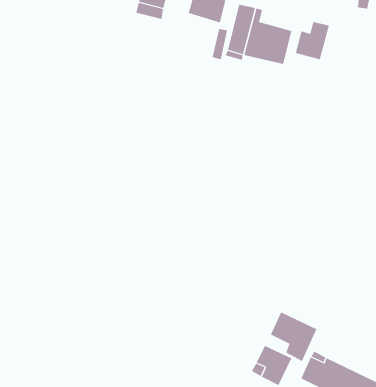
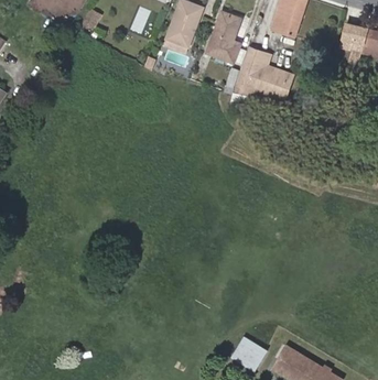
building: [295,21,330,60] -> none
building: [270,312,317,362] -> none

